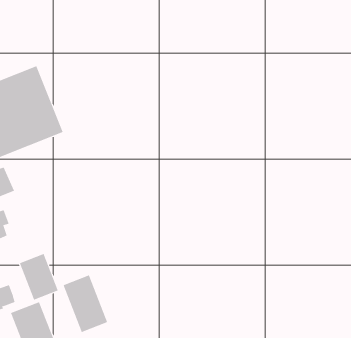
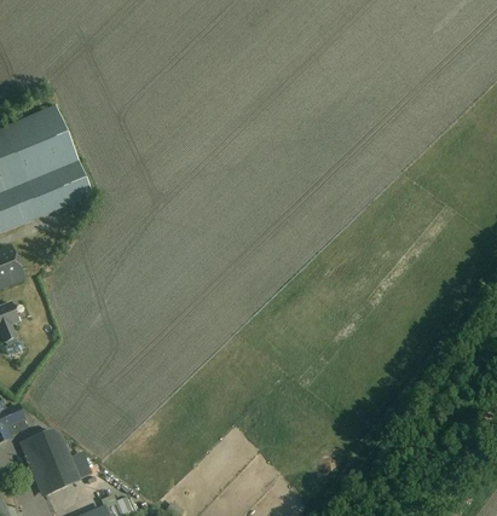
building: [19,253,58,300] -> none
building: [63,275,108,333] -> none

